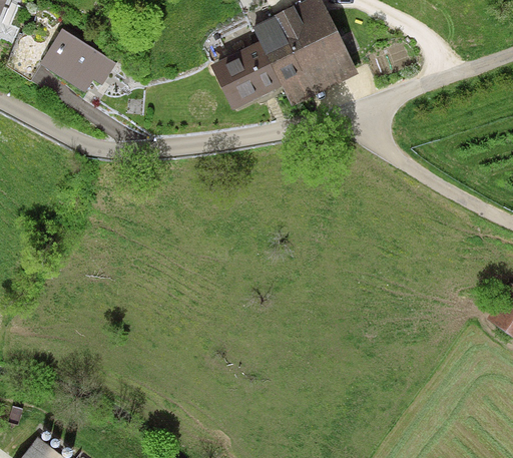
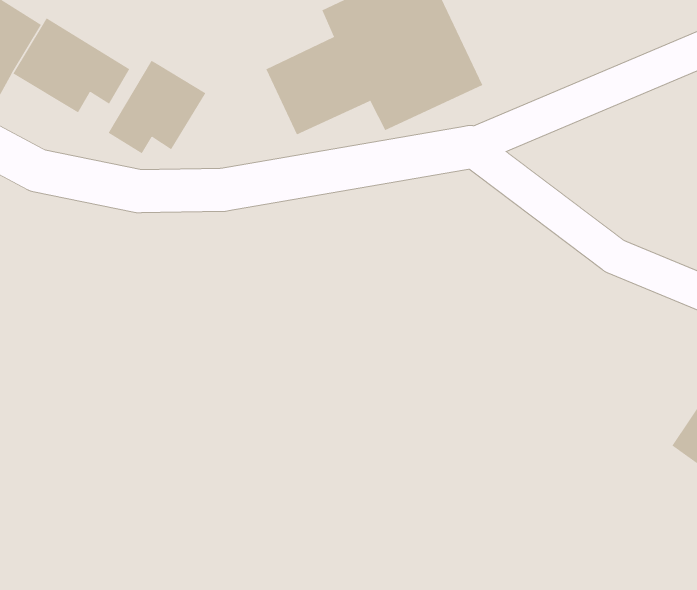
building: none -> [108,60,206,154]

